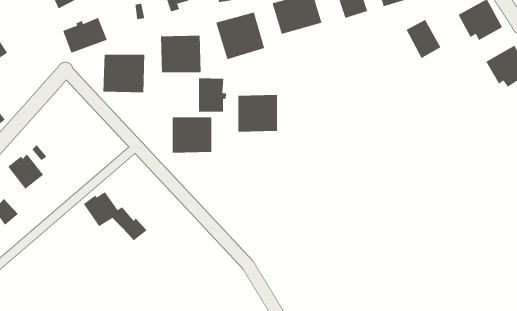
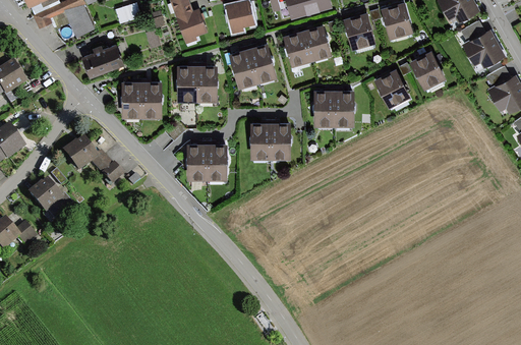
building: none -> [373,65,409,104]
building: none -> [313,89,353,124]
building: [198,78,227,113] -> none
building: [83,191,148,241] -> [64,136,126,184]

